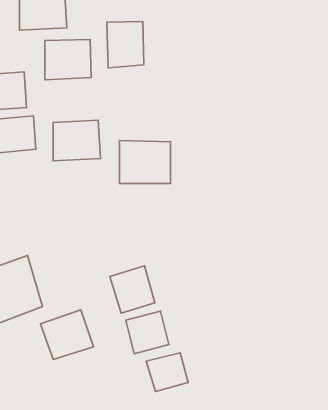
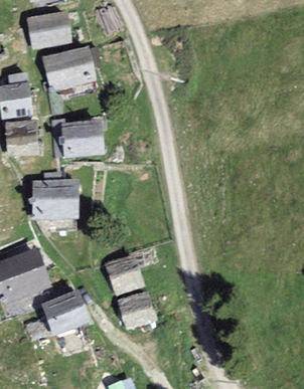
building: [107,21,144,68] -> none
building: [120,141,170,183] -> [33,181,78,218]
building: [146,353,188,391] -> none

